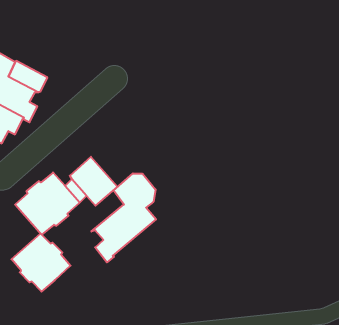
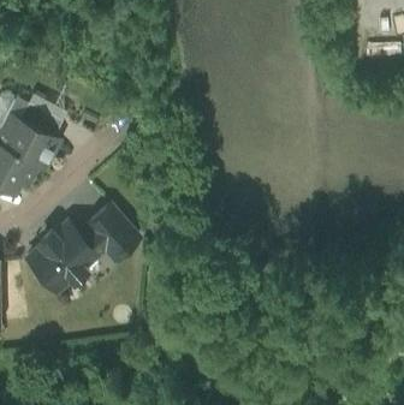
building: [91,173,156,262] -> none
building: [11,233,71,292] -> none

